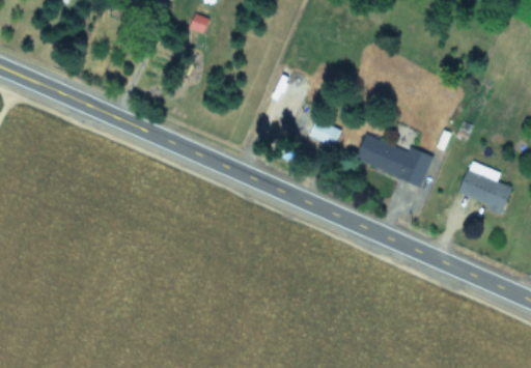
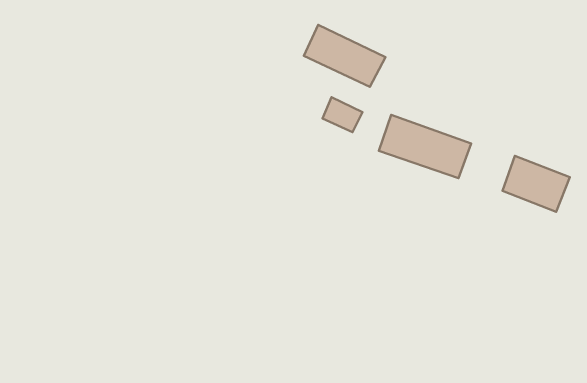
building: none -> [304,25,385,87]

